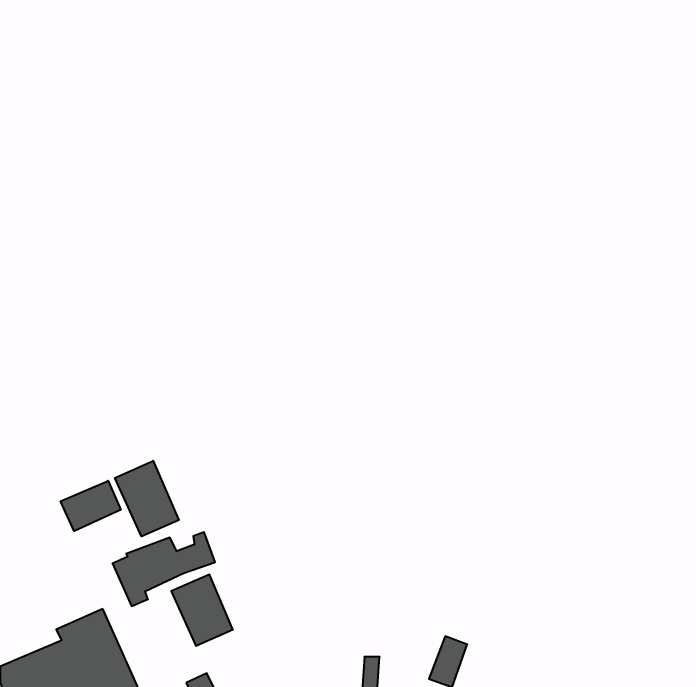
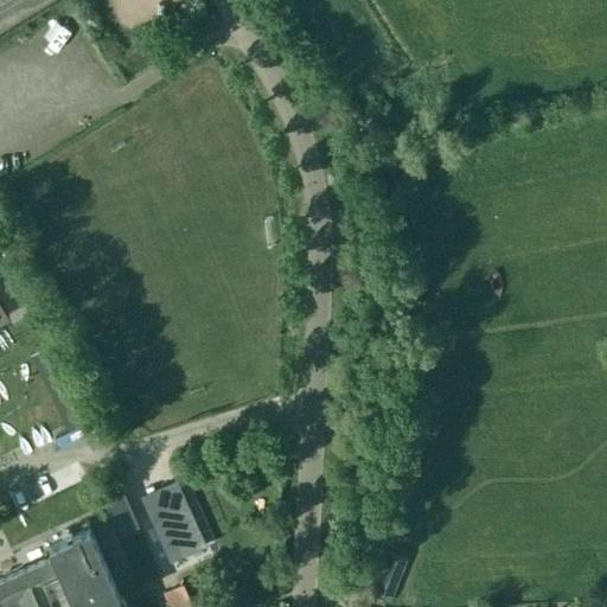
building: [115,461,179,536] -> none
building: [61,481,121,531] -> none

